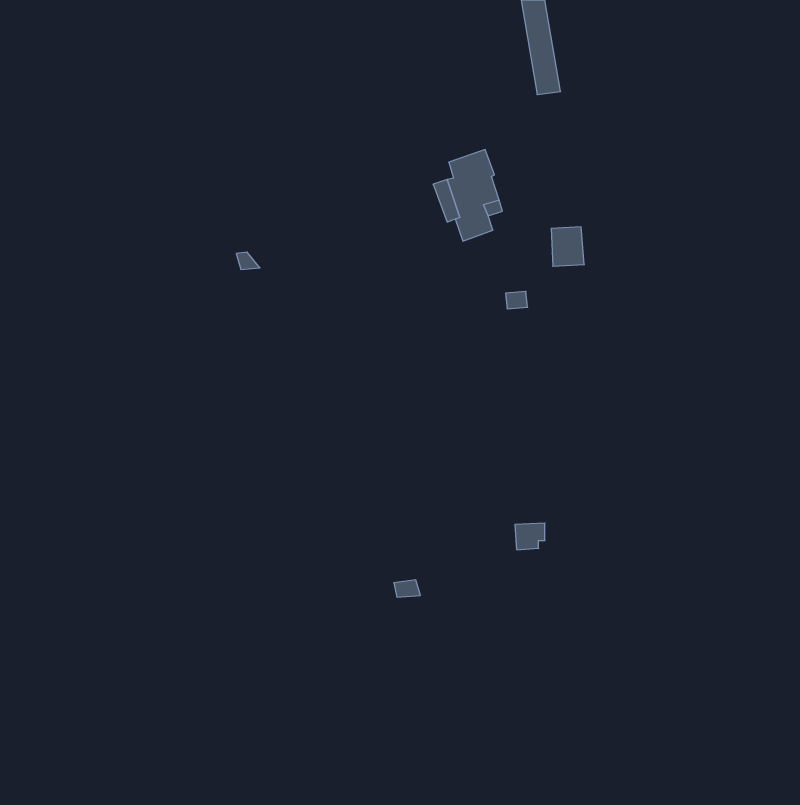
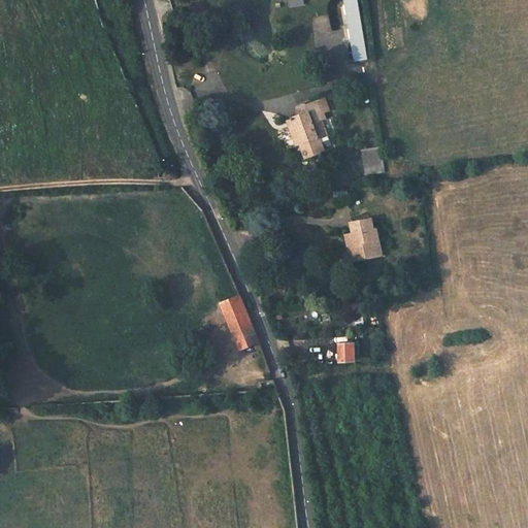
building: none -> [345,219,376,258]
building: none -> [219,295,257,349]

